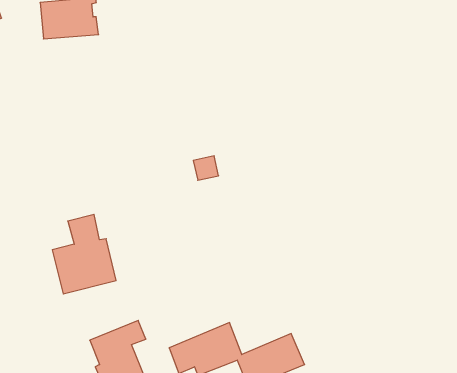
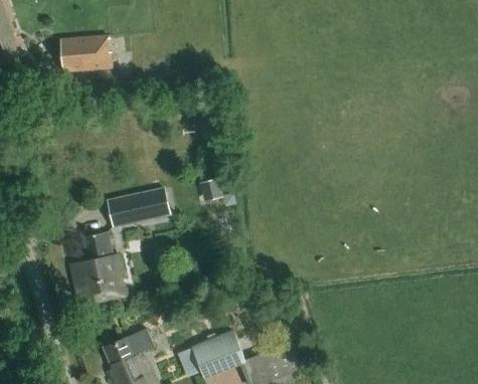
building: none -> [108,187,170,228]

